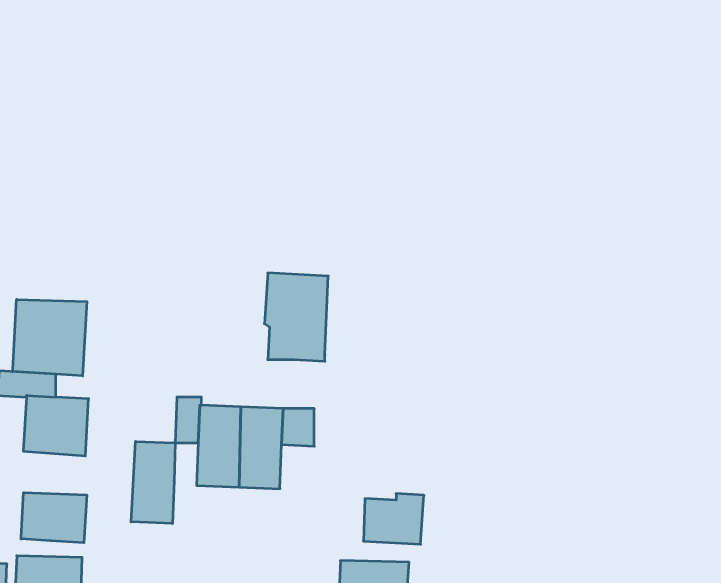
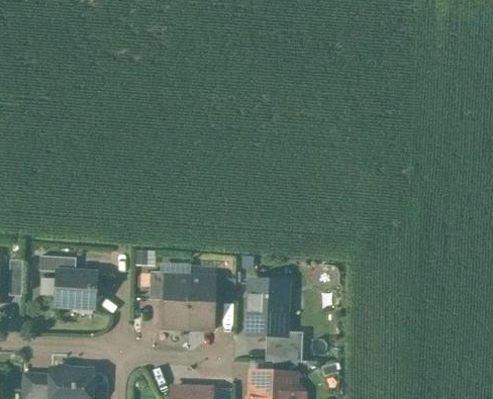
building: [264,273,328,361] -> [248,280,287,334]
building: [12,299,87,376] -> none
building: [131,441,175,524] -> none
building: [21,493,87,543] -> none

